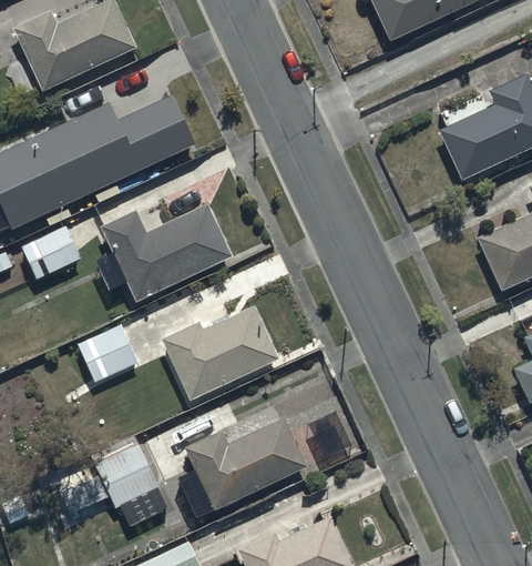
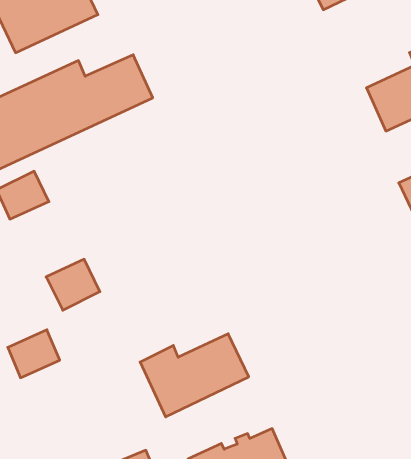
building: [95,204,232,307] -> none
building: [161,306,278,402] -> none
building: [99,453,157,507] -> [8,330,60,378]

